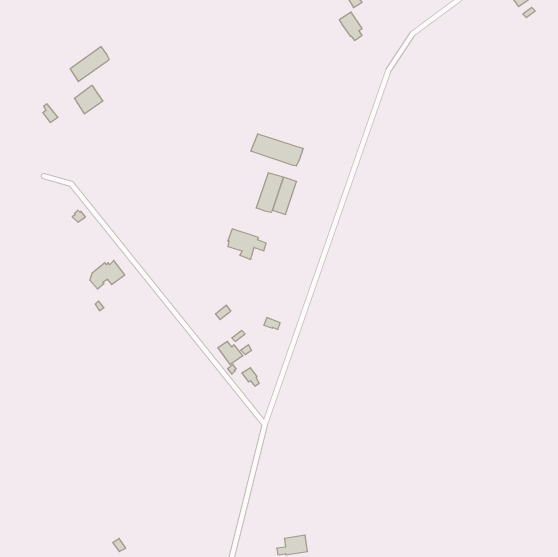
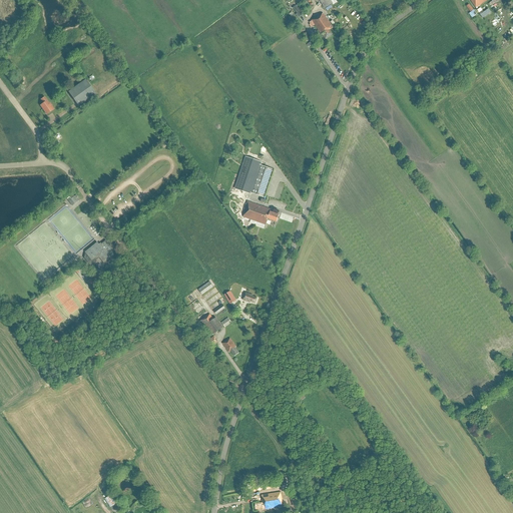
building: [70,47,109,82] -> none
building: [251,134,303,166] -> none
building: [228,229,266,260] -> [242,199,278,227]

